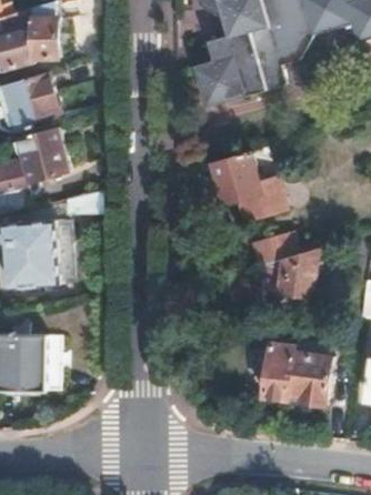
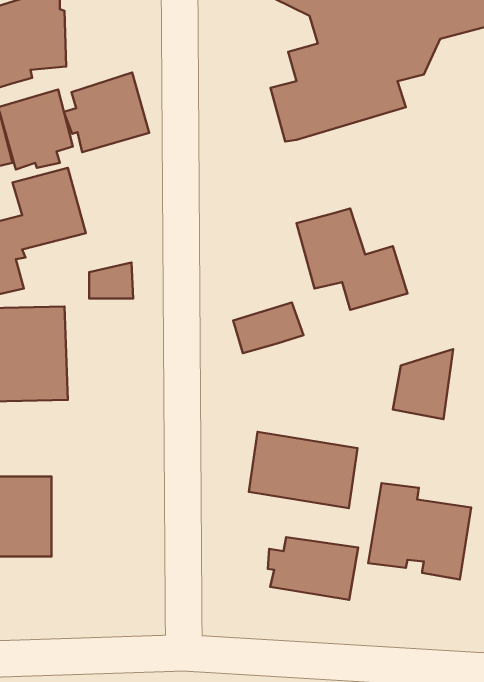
building: none -> [64,73,149,152]
building: [253,231,301,265] -> [233,303,303,353]
building: none -> [249,432,358,508]
building: none -> [268,537,358,600]

